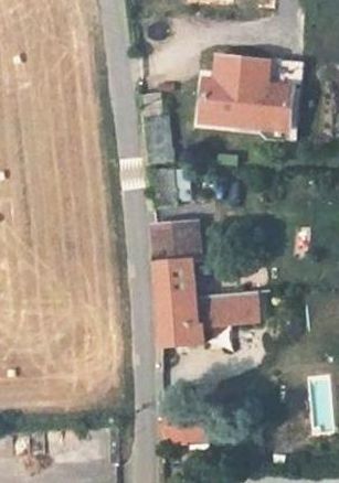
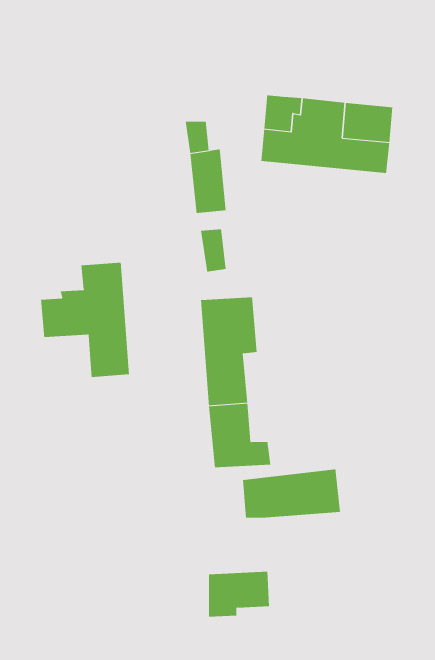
building: [213,55,271,84] -> none
building: none -> [41,262,129,378]
building: [188,290,258,325] -> [242,469,341,518]

